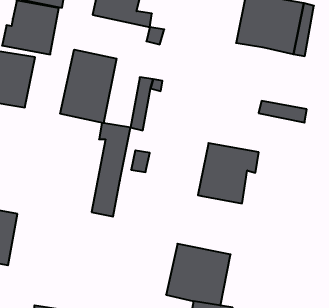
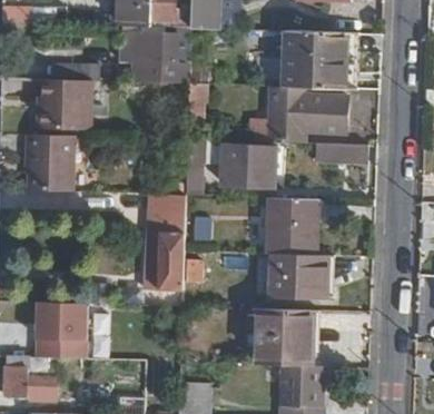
building: none -> [274,87,349,142]
building: [60,50,117,123] -> none
building: none -> [224,146,279,188]
building: none -> [270,254,335,296]

